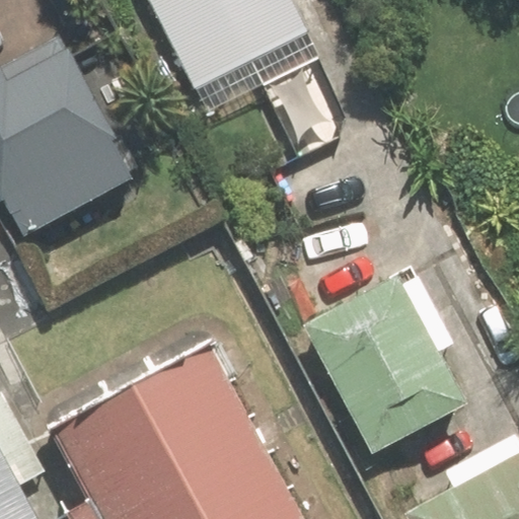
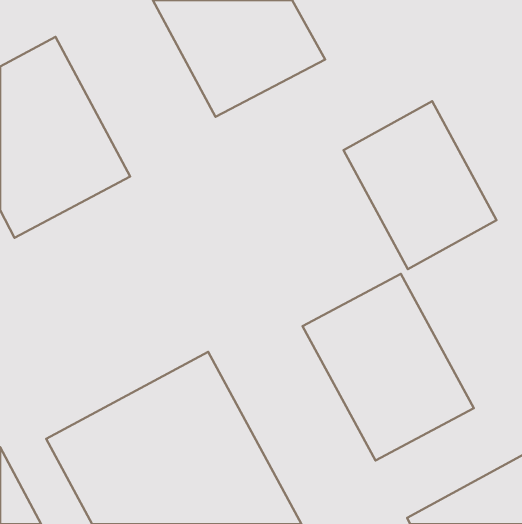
building: none -> [343,101,497,269]

